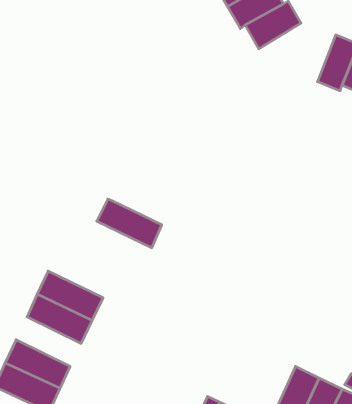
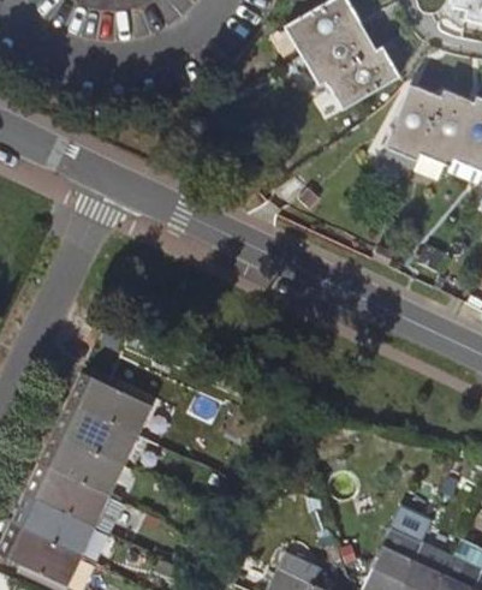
building: none -> [388,87,442,160]
building: [97,199,162,248] -> [67,374,153,437]
building: none -> [25,463,126,535]

